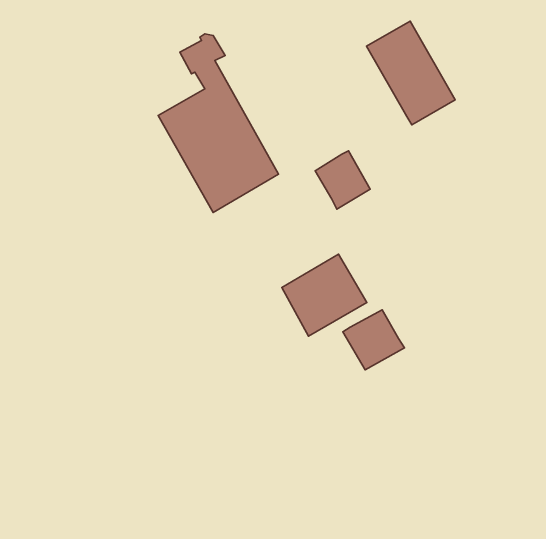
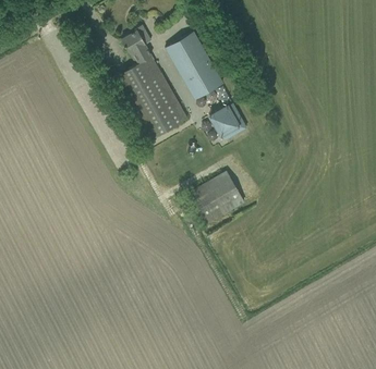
building: [367,21,455,125] -> [165,29,222,97]
building: [343,310,405,370] -> none

